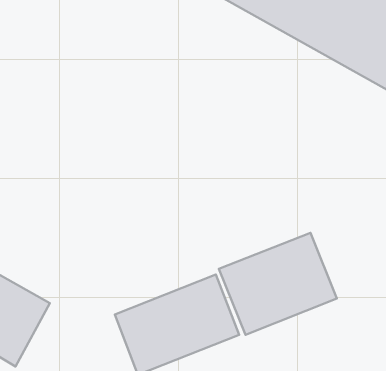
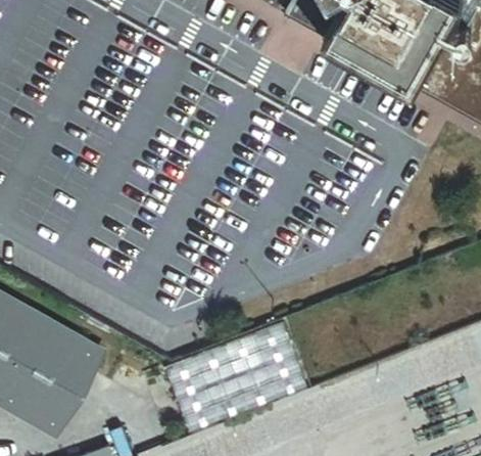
building: [219,233,337,335] -> none

